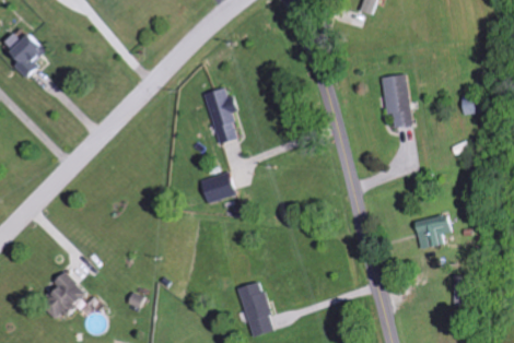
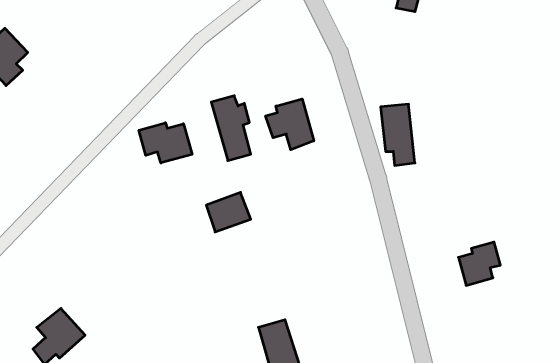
building: [378,75,408,128] -> [381,104,415,165]
building: none -> [266,99,314,150]
building: none -> [139,123,192,163]

